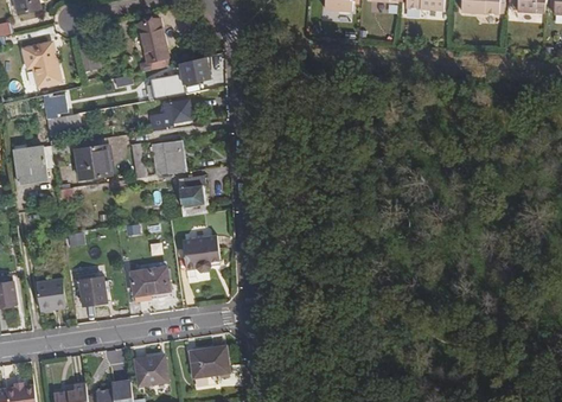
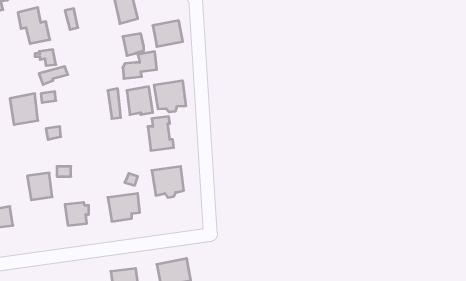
building: none -> [154,81,186,112]
building: [76,146,111,179] -> none
building: [37,277,66,310] -> [27,173,52,200]

